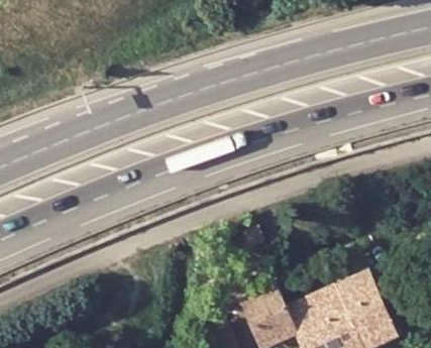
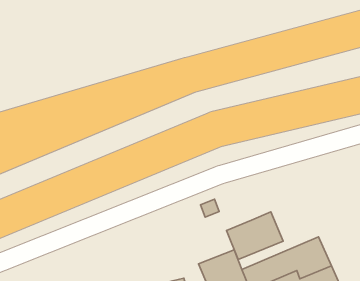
building: none -> [226,212,283,259]

